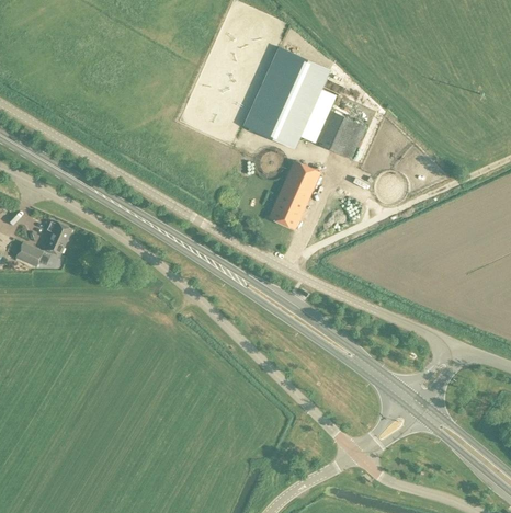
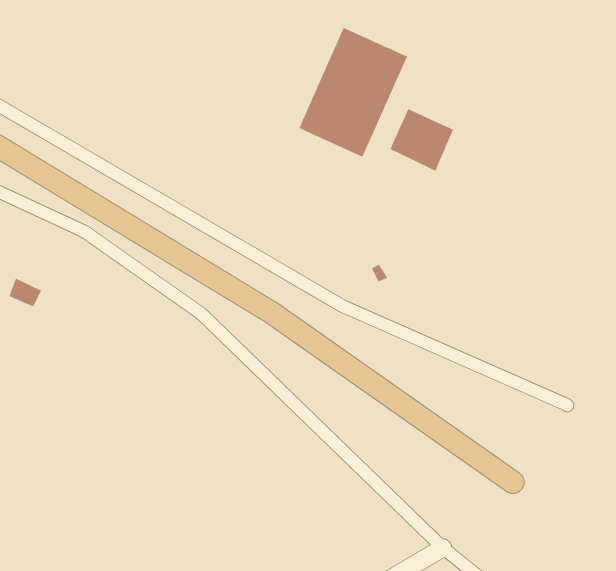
building: [269,160,319,228] -> none
building: [44,221,71,255] -> none

